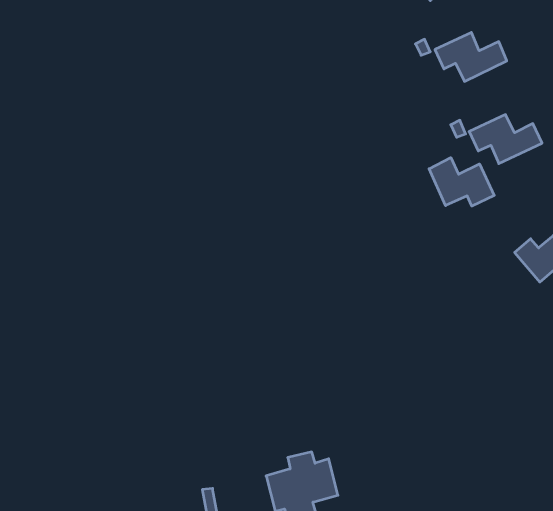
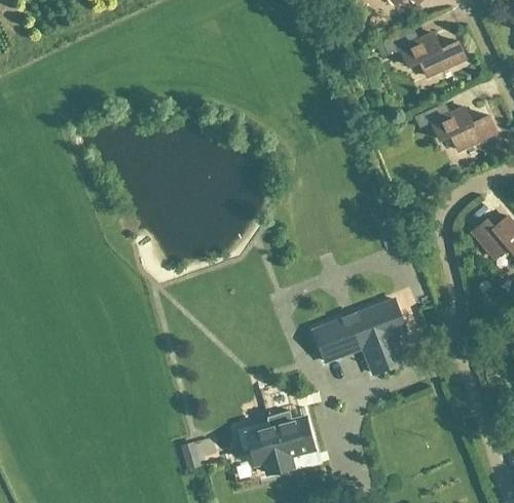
building: [429,158,494,206] -> none
building: none -> [315,300,407,374]

